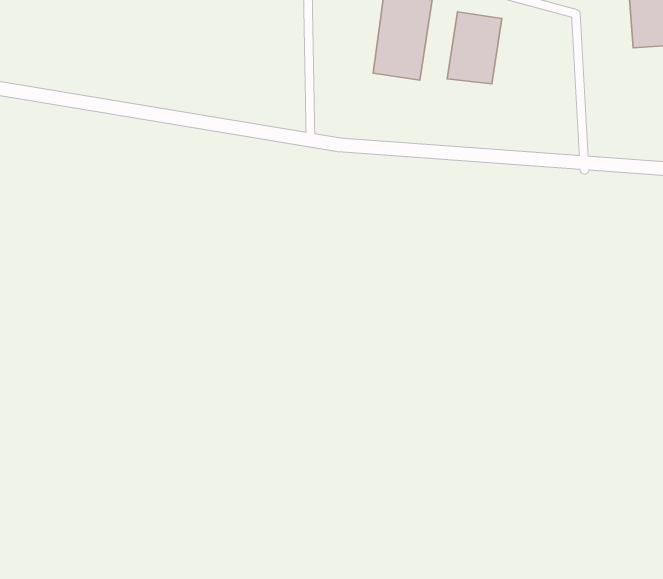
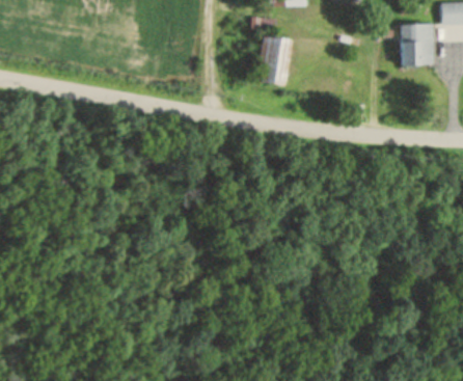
building: [447,12,502,84] -> none

